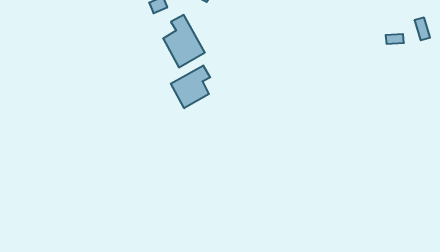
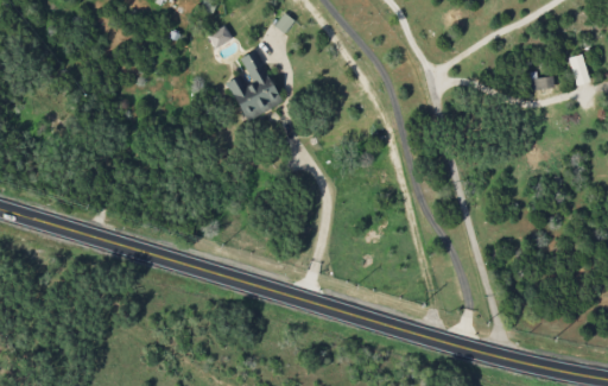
building: [171,65,210,108] -> none

